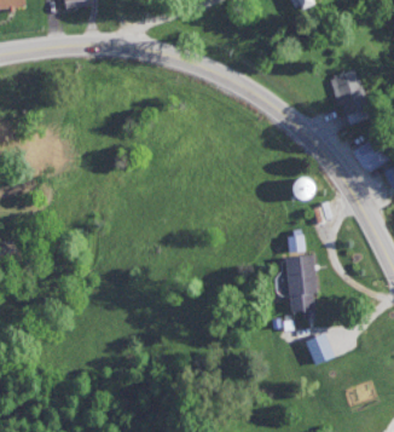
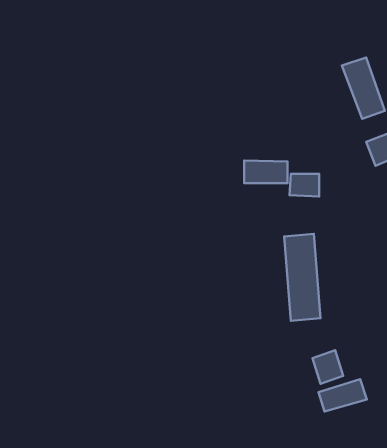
building: none -> [244,160,288,183]
building: none -> [319,379,367,412]

